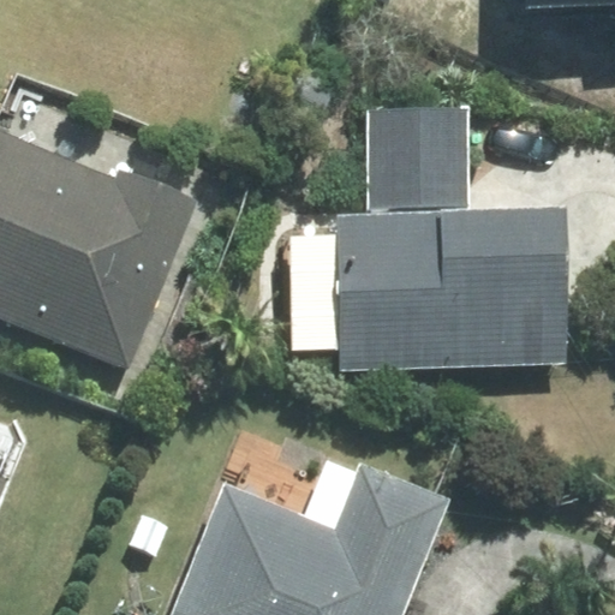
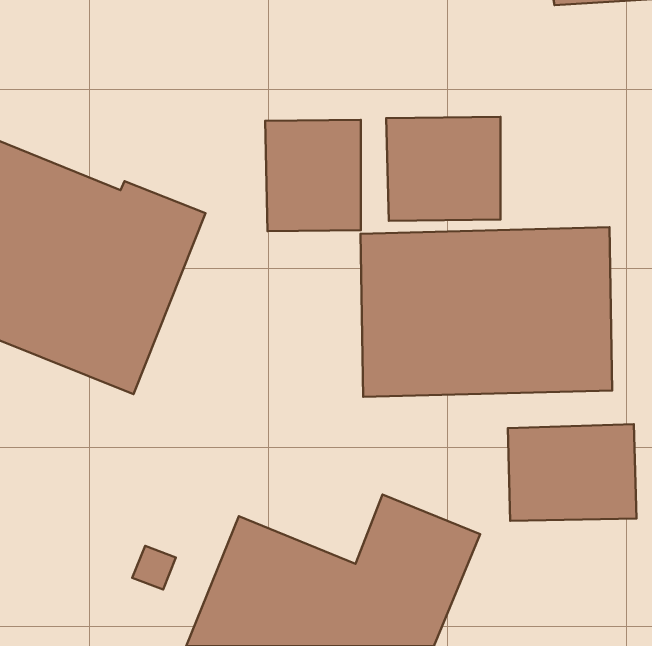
building: none -> [265,120,361,231]
building: none -> [508,424,636,521]

